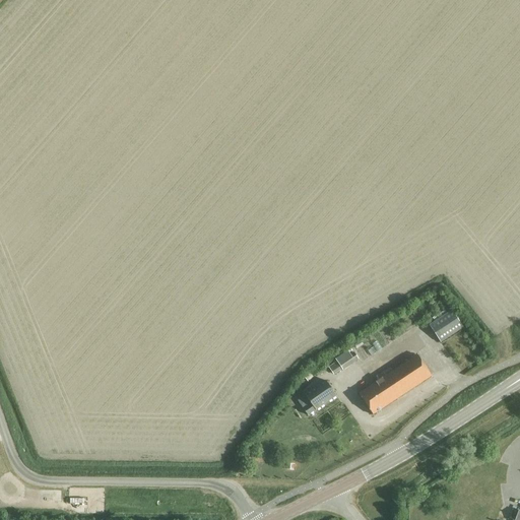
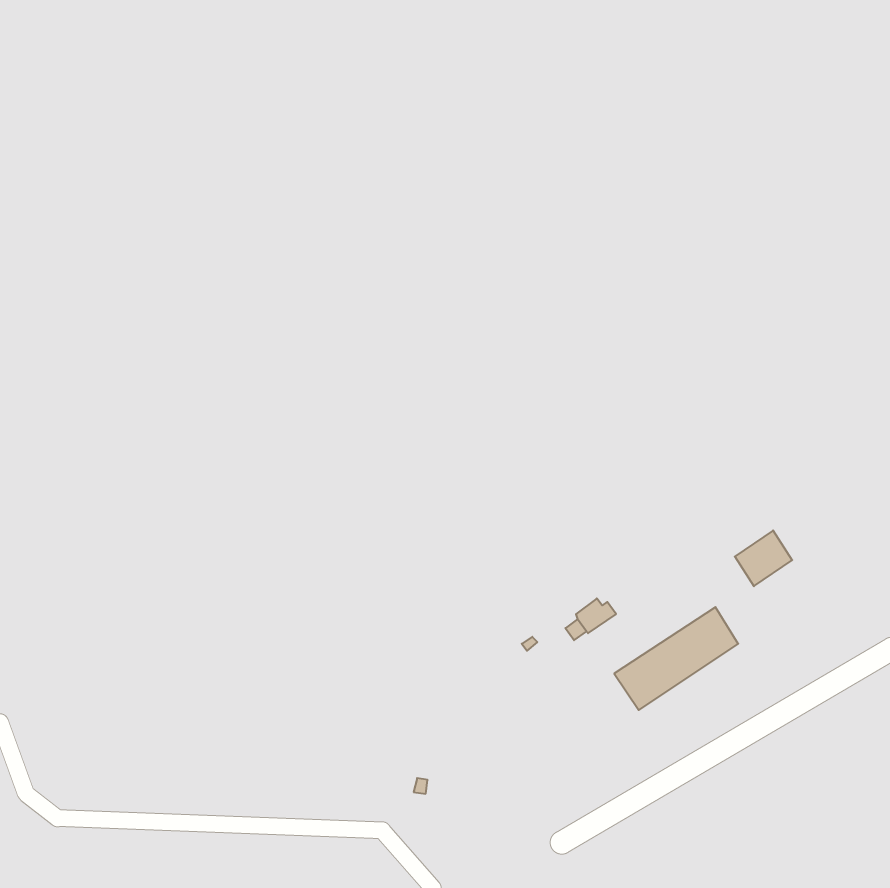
building: [299,378,336,412] -> none

